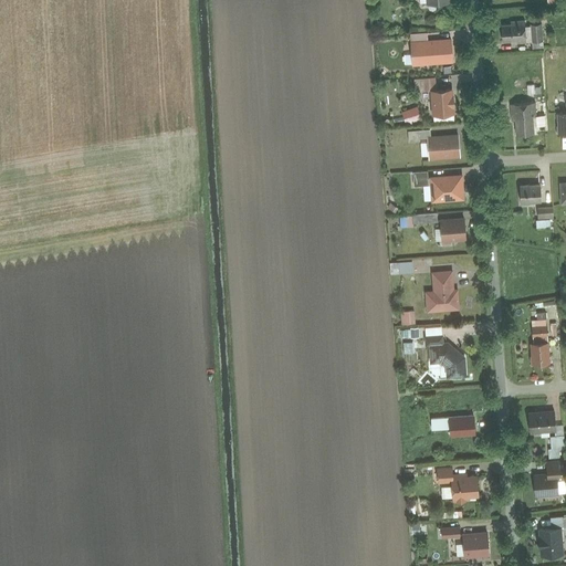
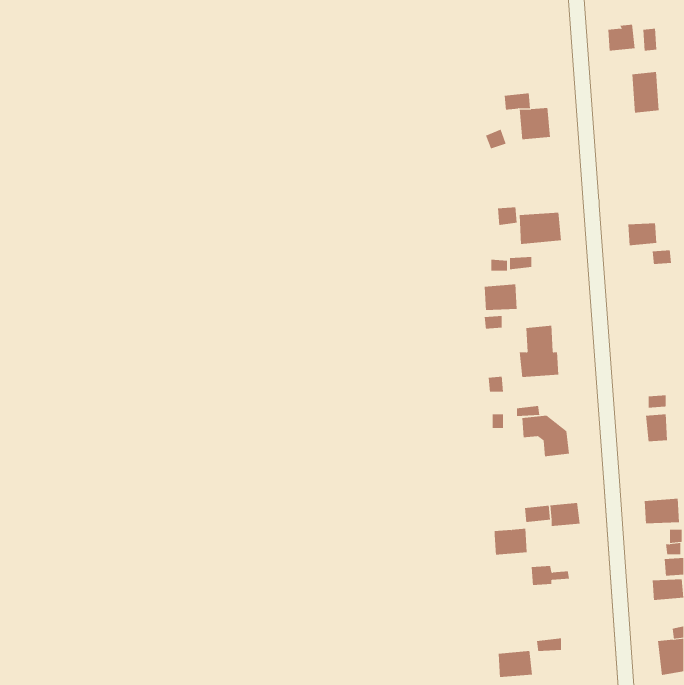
building: [411,38,450,64] -> none
building: [511,103,534,137] -> [631,72,660,113]
building: [424,135,458,158] -> none
building: [441,218,469,240] -> [484,284,517,311]
building: [454,476,482,499] -> [494,528,527,555]
building: [464,533,493,555] -> [498,651,533,678]

